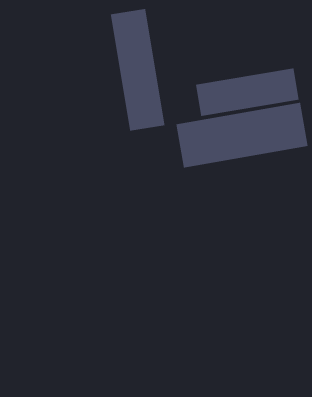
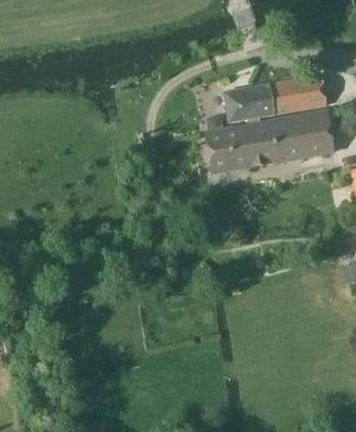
building: [110,8,165,132] -> none

